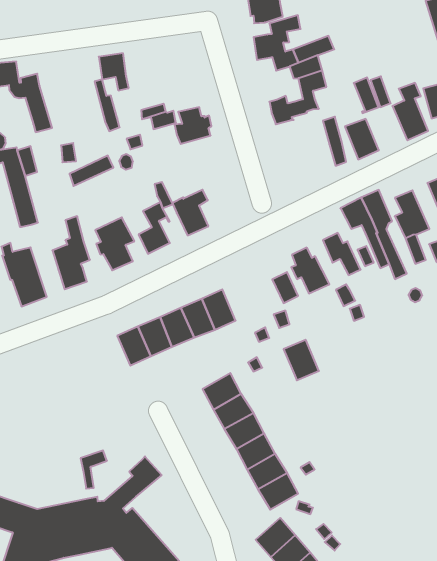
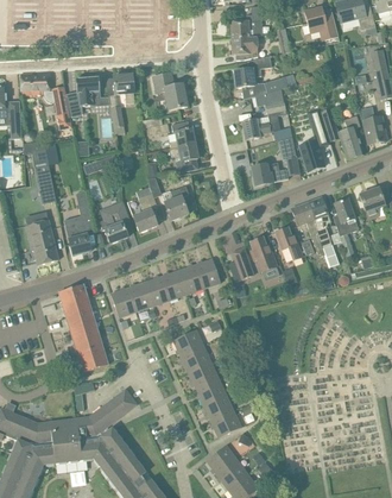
building: none -> [153,73,188,109]
building: none -> [67,77,100,116]
building: none -> [170,144,200,171]
building: none -> [251,162,287,185]
building: none -> [58,284,107,372]
building: [284,340,319,380] -> [195,258,221,289]

